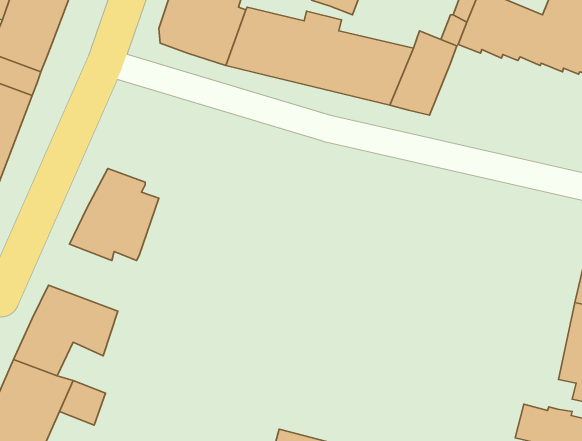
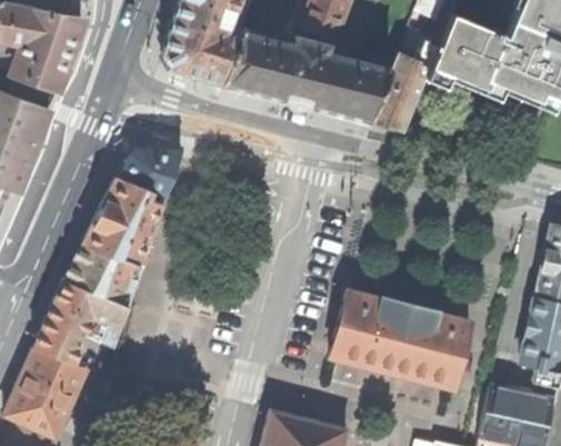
building: none -> [118,148,181,196]
building: none -> [64,245,141,305]
building: none -> [330,291,470,389]

